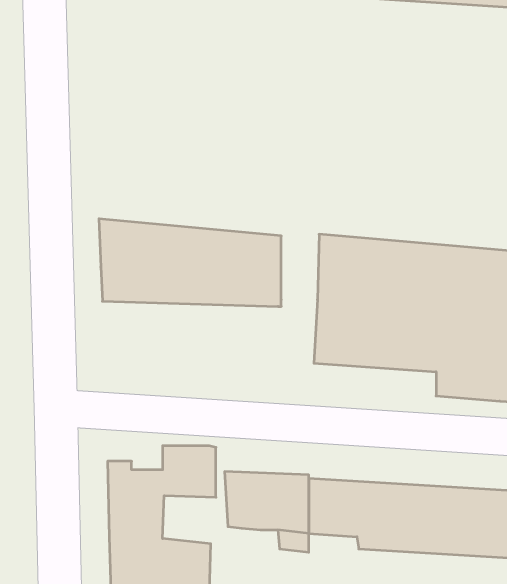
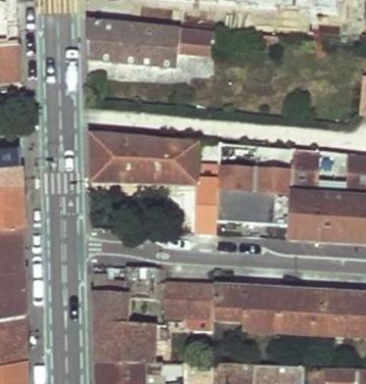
building: none -> [86,17,218,67]
building: none -> [195,181,219,234]

